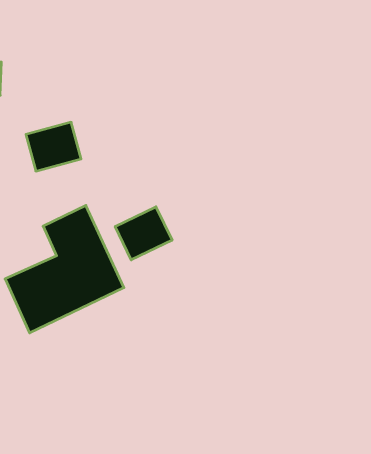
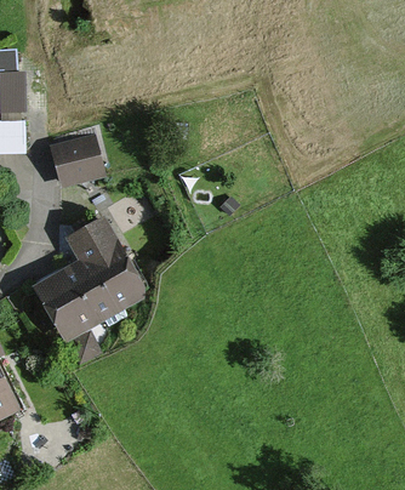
building: [115,207,172,260] -> none

